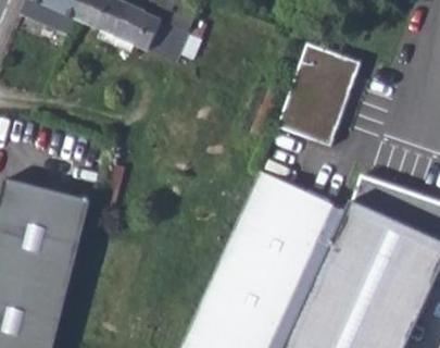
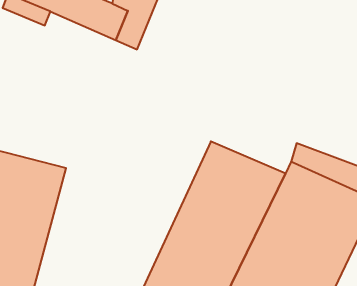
building: [277,44,359,148] -> none

